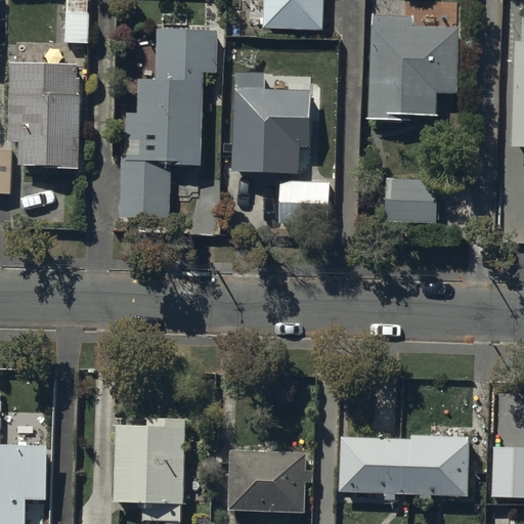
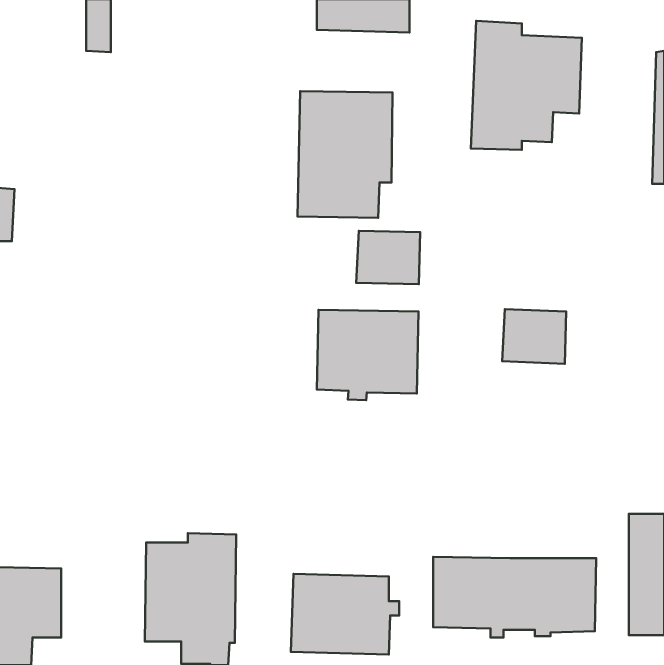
building: [122,29,216,214] -> none
building: [10,64,80,166] -> none
building: [386,179,436,222] -> [502,309,566,364]
building: none -> [317,310,419,400]

